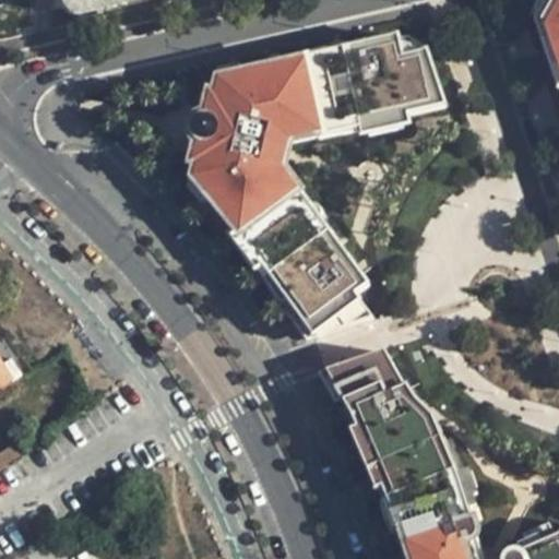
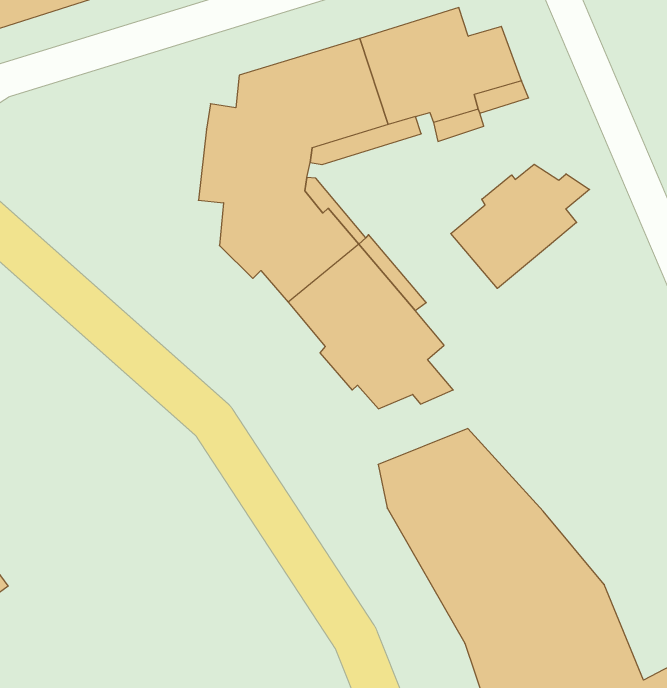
building: none -> [451,164,590,288]

